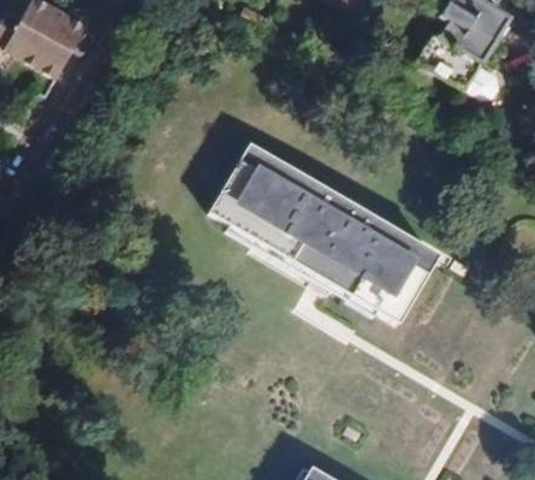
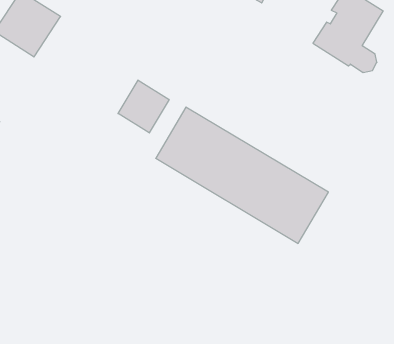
building: none -> [118,80,169,133]

